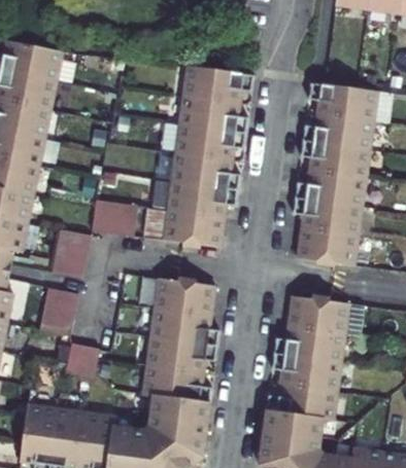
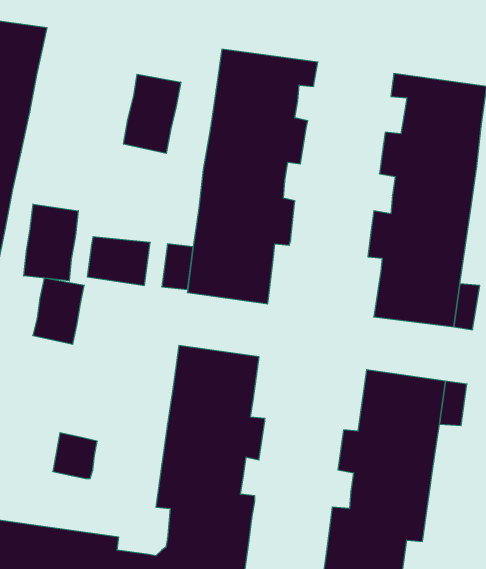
building: none -> [123,74,181,153]
building: none -> [24,204,78,281]
building: [40,286,77,333] -> none

